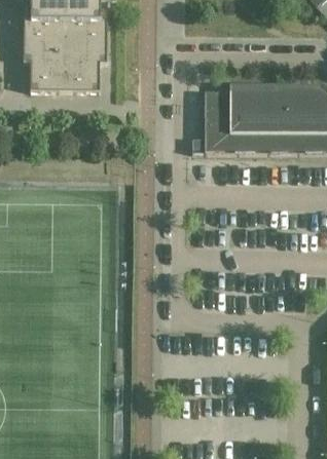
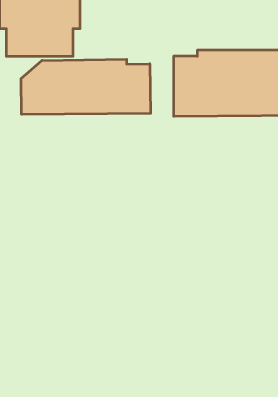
building: none -> [21,59,151,114]

